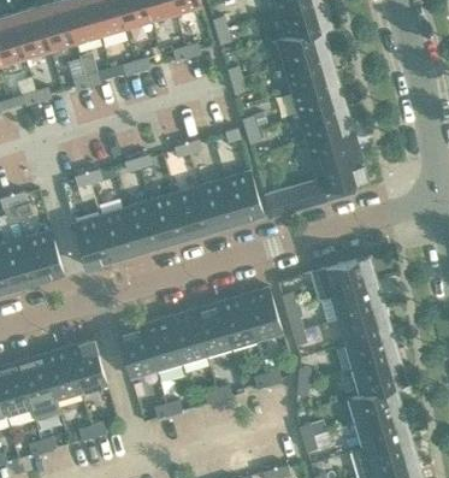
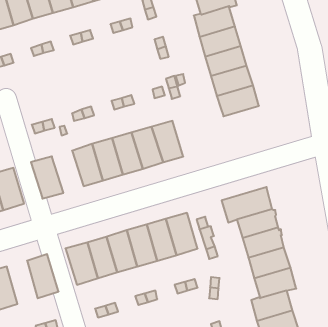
building: [265,154,366,219] -> none
building: [99,211,138,264] -> none
building: [42,349,81,403] -> none

